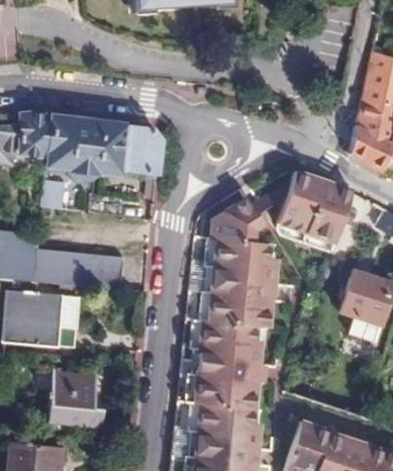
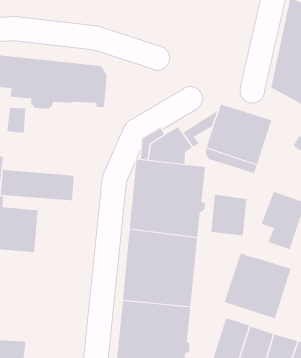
building: none -> [211,194,247,236]
building: none -> [224,253,291,319]
building: [50,369,101,423] -> none

